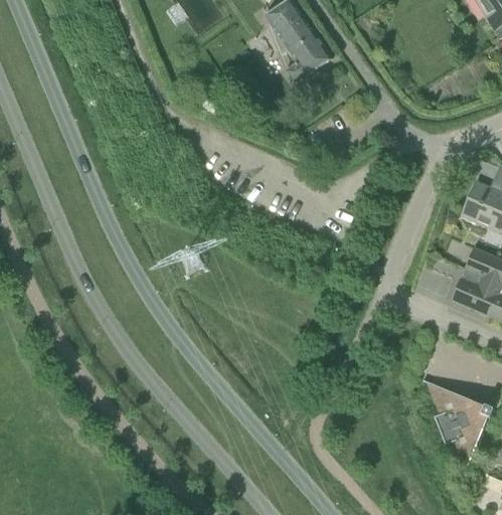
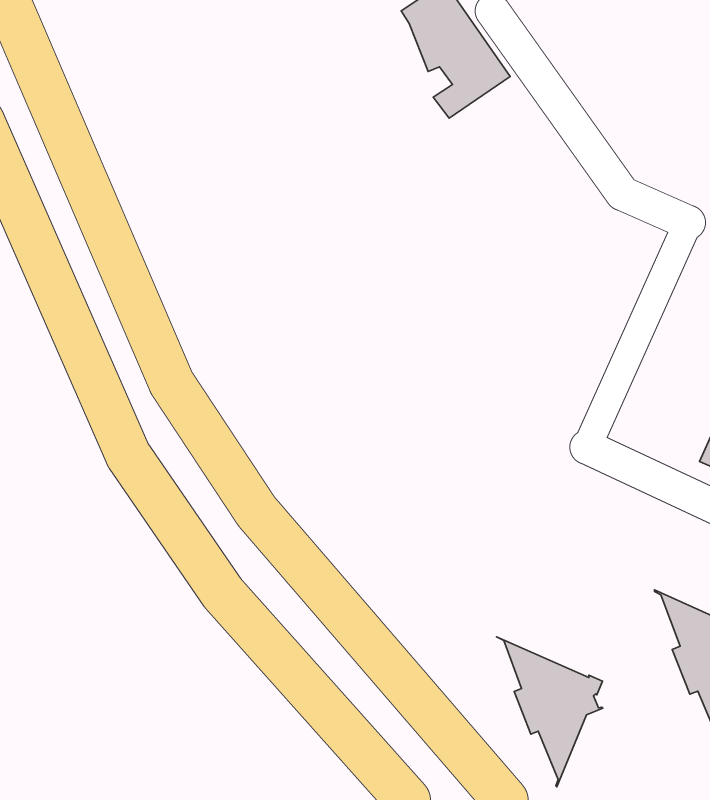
building: none -> [497,637,603,787]

